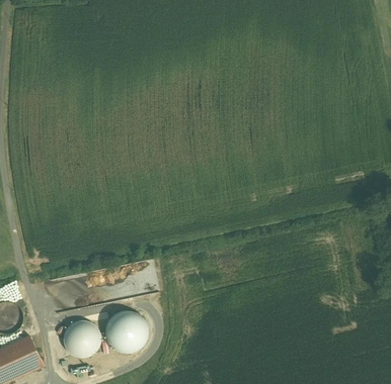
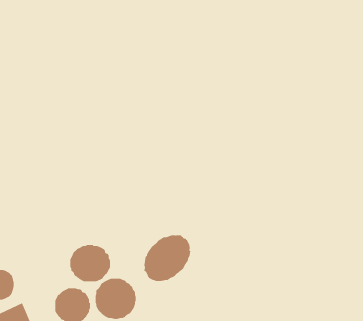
building: none -> [143,234,191,282]
building: none -> [69,244,111,282]

